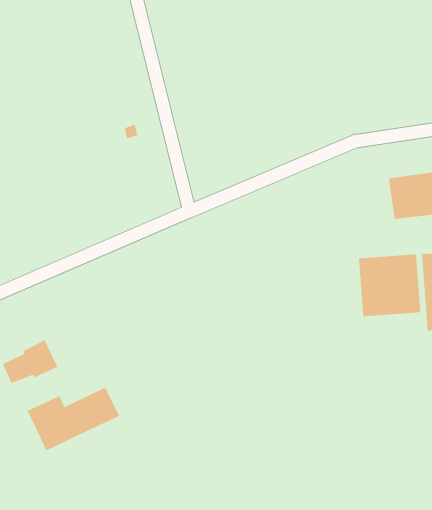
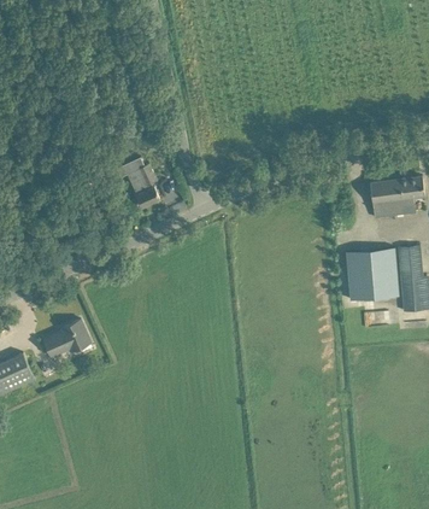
building: none -> [127,164,159,206]
building: [27,387,120,451] -> none

